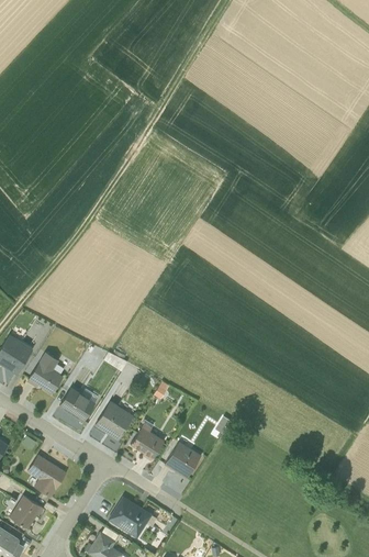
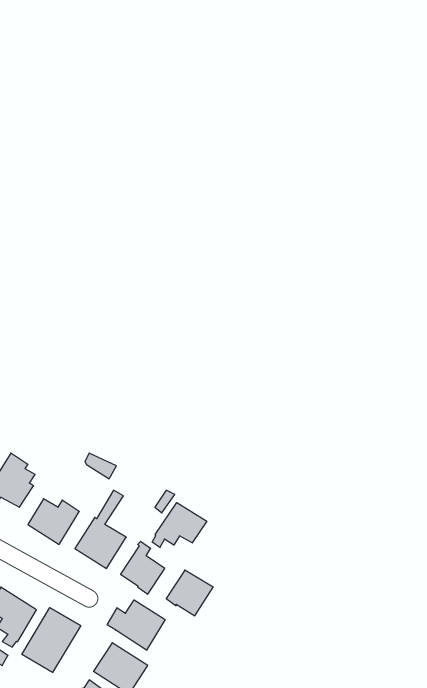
building: none -> [152,503,207,548]
building: none -> [107,600,165,650]
building: none -> [22,608,81,672]

